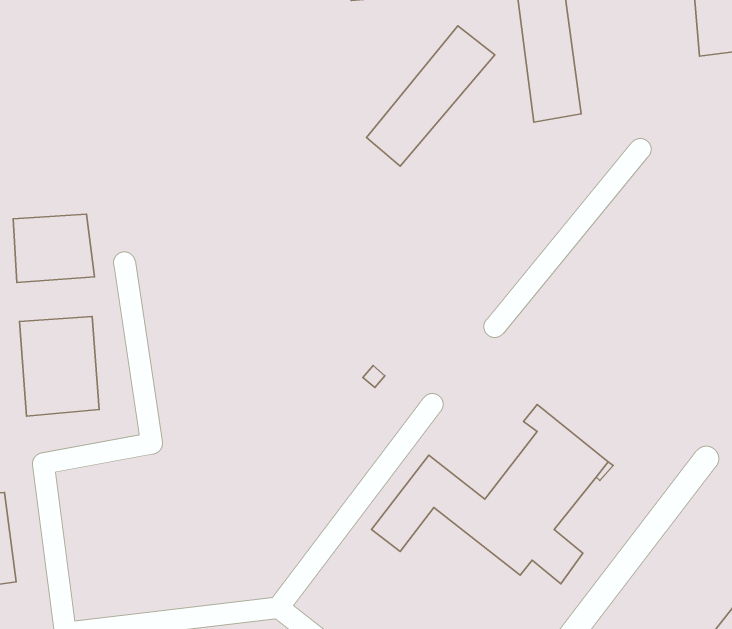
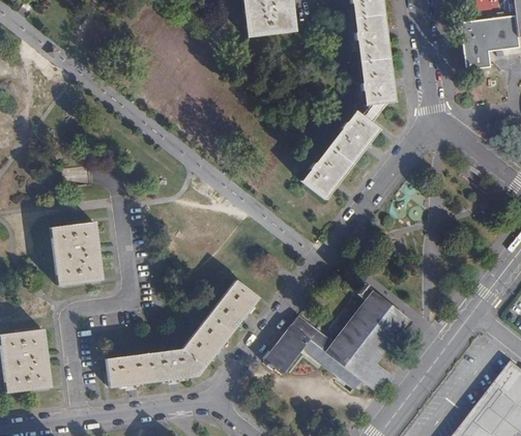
building: [366,26,495,166] -> [303,110,382,196]
building: [13,214,94,282] -> none
building: none -> [103,284,255,386]

